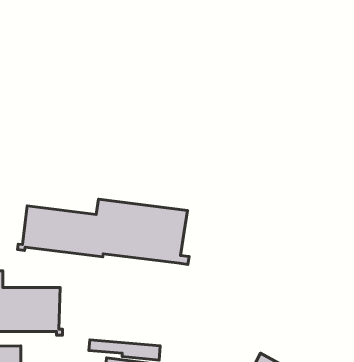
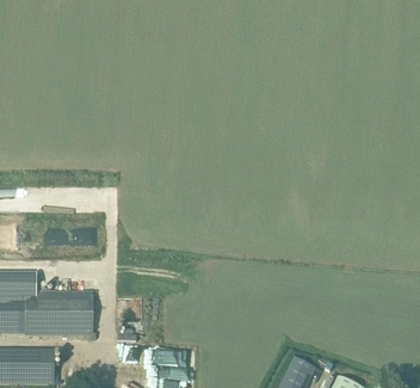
building: [17,199,189,264] -> none

